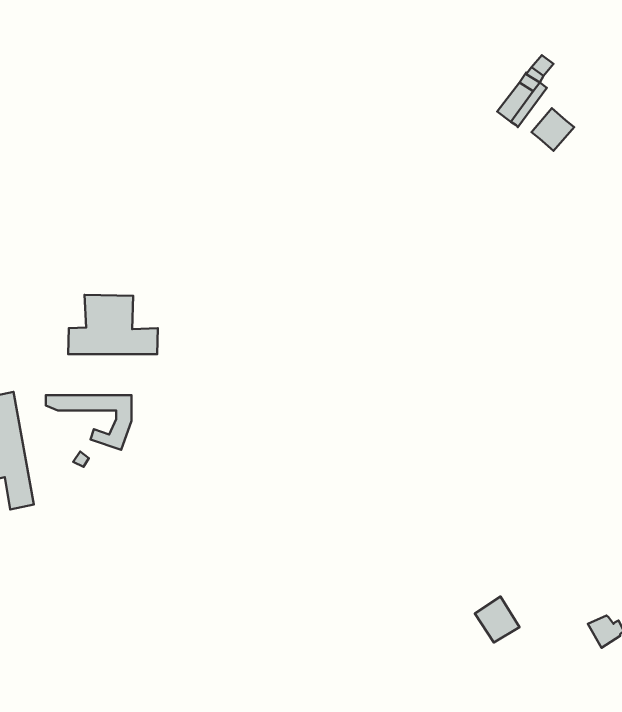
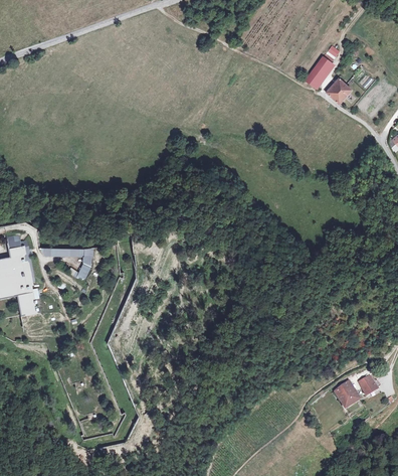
building: [68,295,158,354] -> none
building: [475,596,519,643] -> [335,381,361,409]

